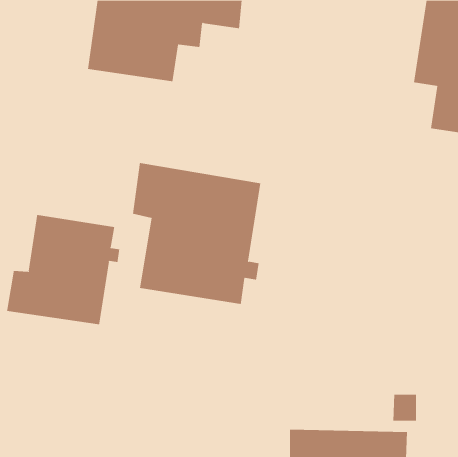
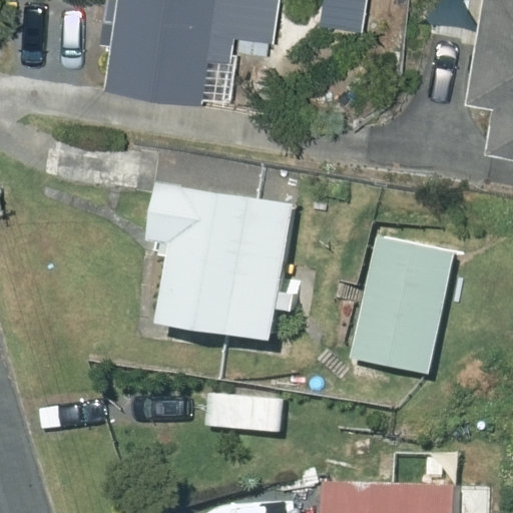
building: none -> [350,237,455,375]
building: [6,214,120,325] -> none

